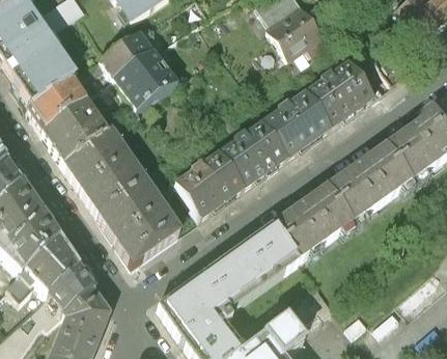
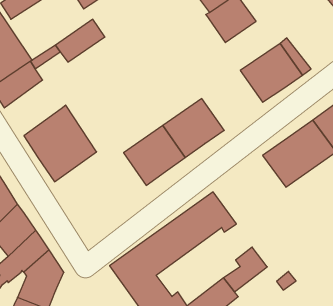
building: [114,52,177,112] -> none
building: [263,89,331,156] -> none
building: [44,100,107,162] -> none
building: [100,180,180,264] -> none
building: [276,184,357,259] -> none

